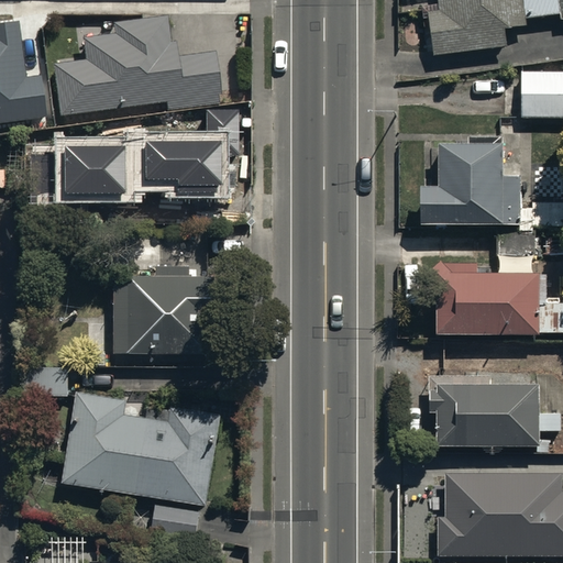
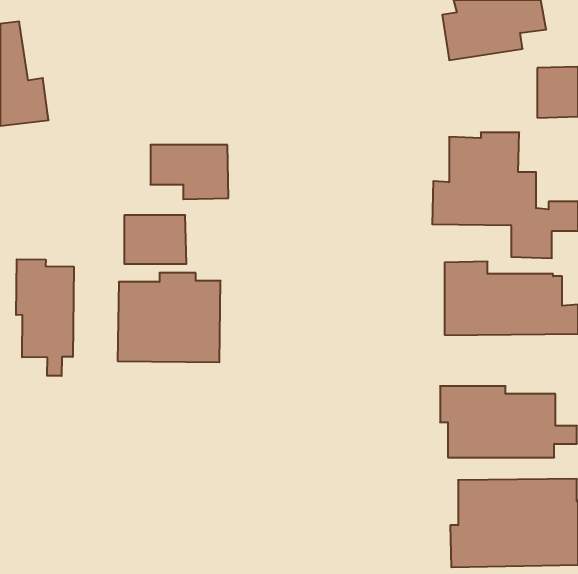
building: [52,14,220,115] -> none
building: [66,150,126,197] -> [124,215,186,264]
building: none -> [16,259,74,376]
building: [60,391,219,534] -> none

